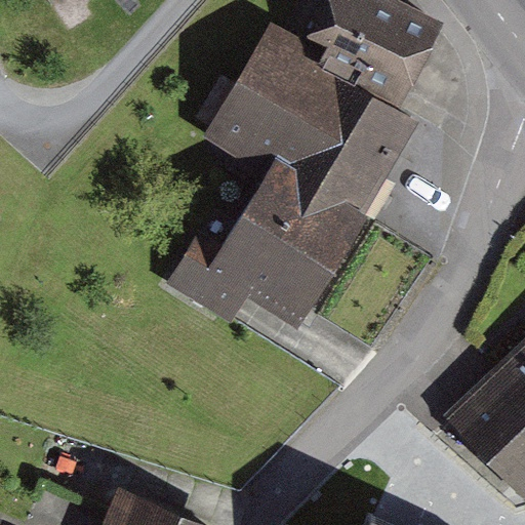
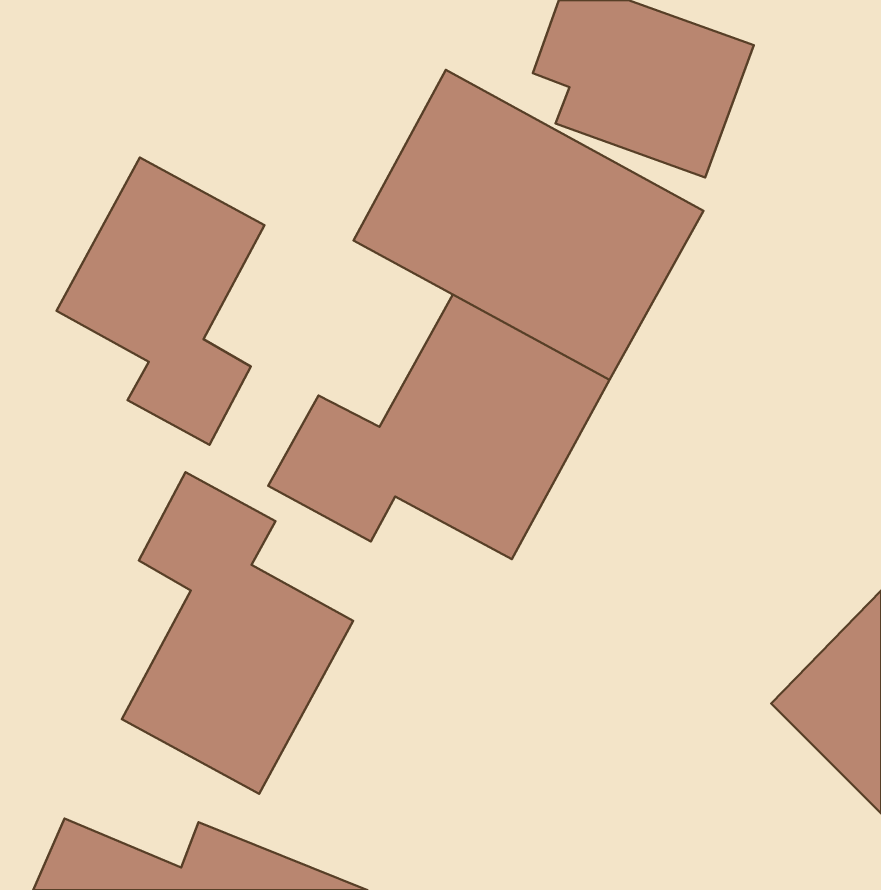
building: none -> [56,157,265,445]
building: none -> [122,472,353,794]

